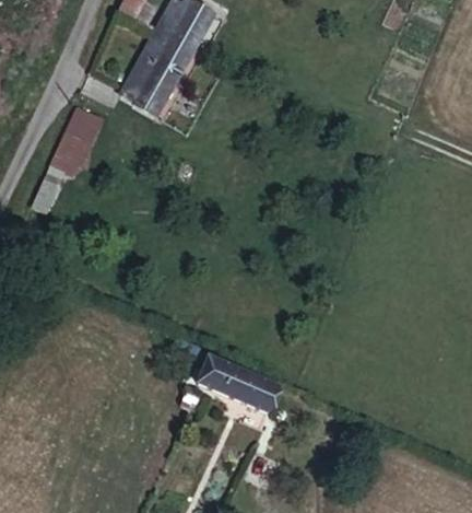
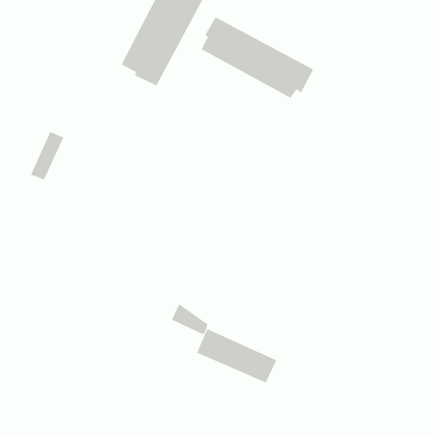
building: none -> [201,17,314,98]
building: [51,104,98,171] -> none

